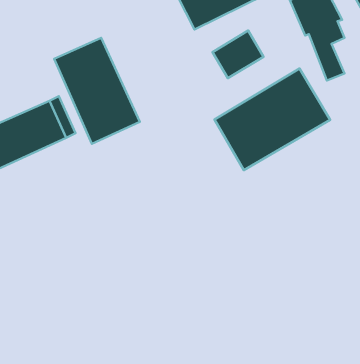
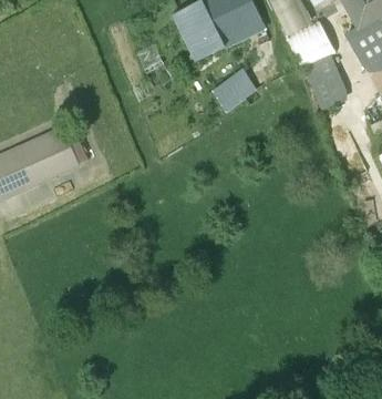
building: [54,38,140,144] -> none
building: [214,68,330,170] -> none

